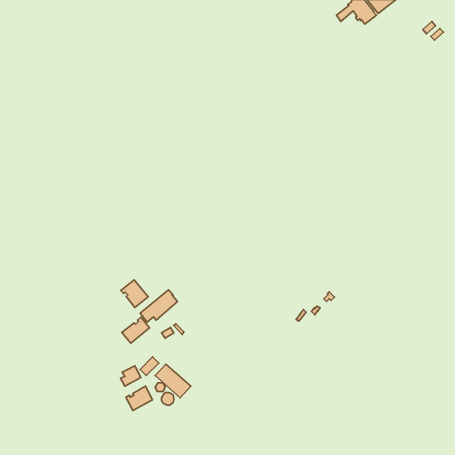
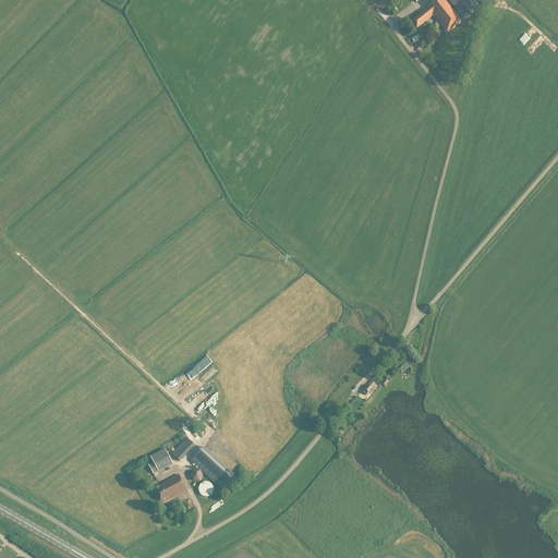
building: [121,280,148,308] -> none
building: [122,317,150,343] -> none

